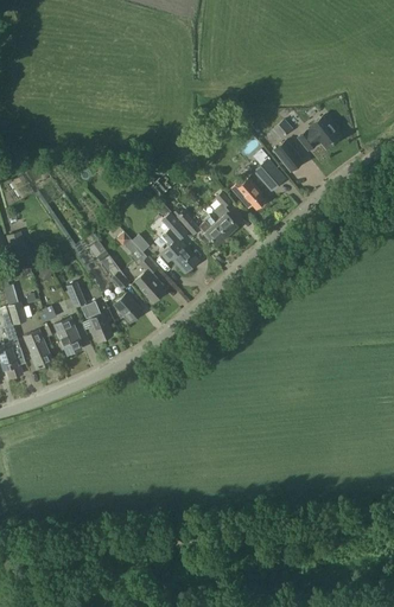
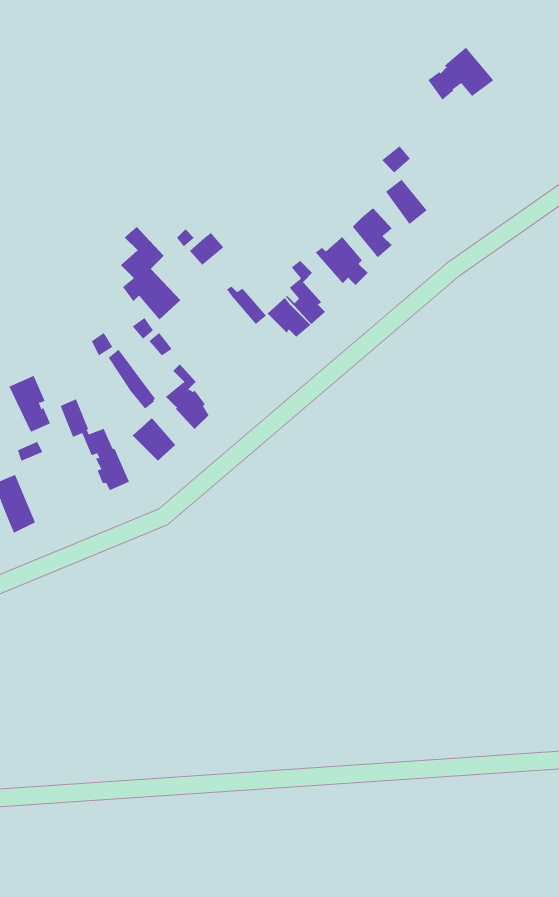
building: [298,115,341,149] -> [427,47,494,100]
building: [159,213,198,274] -> [120,226,181,321]
building: [53,318,81,354] -> [8,375,51,433]

